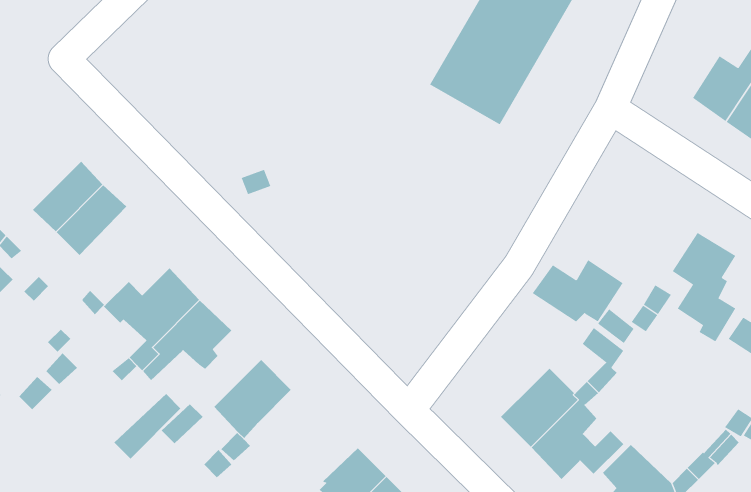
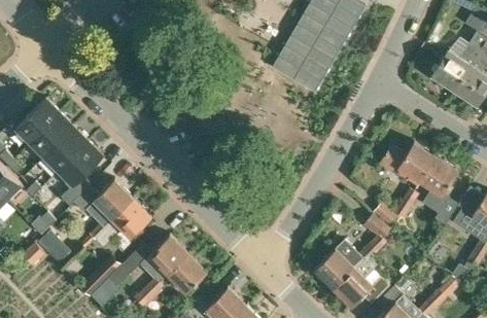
building: none -> [16,100,60,144]
building: none -> [59,142,102,185]
building: [532,259,624,322] -> [378,143,433,181]
building: none -> [167,253,207,296]

